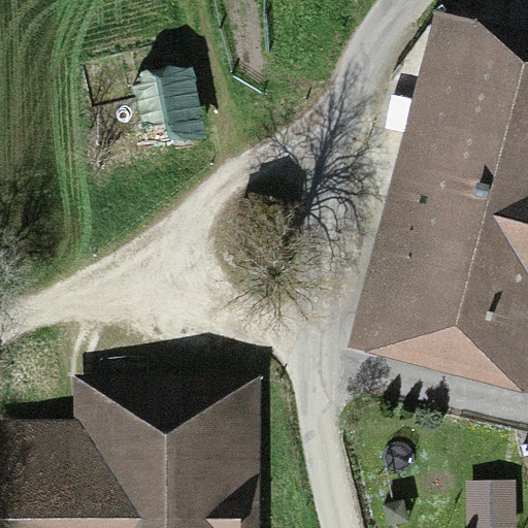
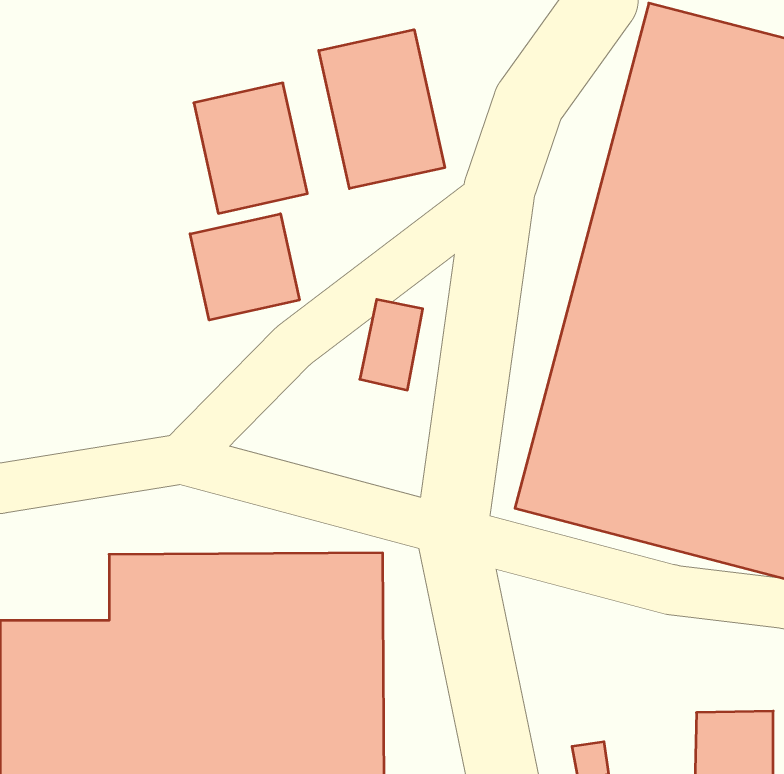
building: none -> [319,30,445,189]
building: none -> [190,214,299,320]

